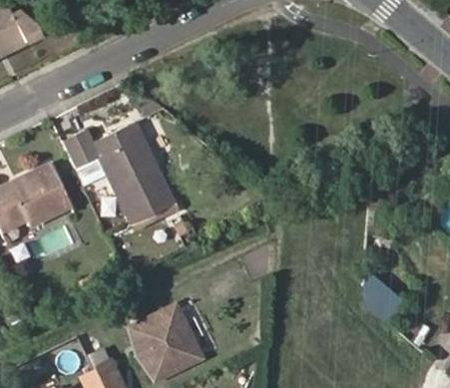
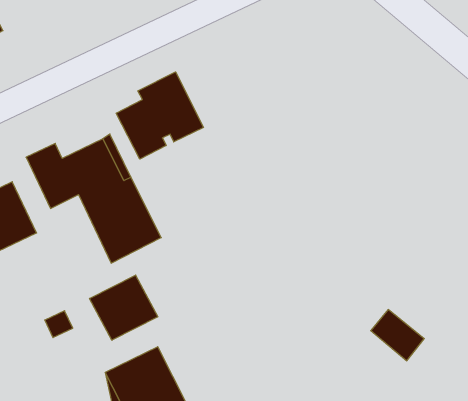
building: none -> [116,72,203,159]
building: none -> [90,275,158,340]

